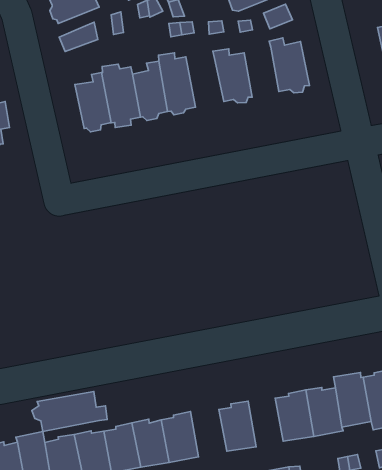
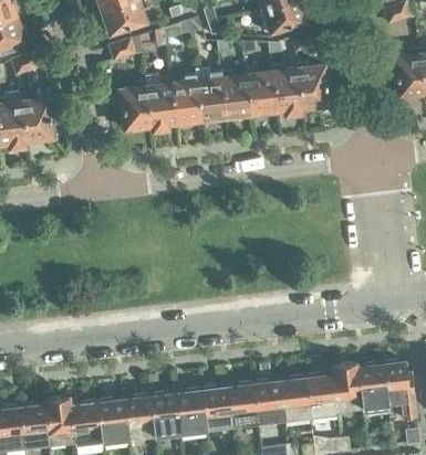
building: none -> [271,64,301,116]
building: none -> [220,71,251,119]
building: [32,391,107,432] -> none
building: none -> [254,380,283,423]
building: none -> [202,387,232,428]

